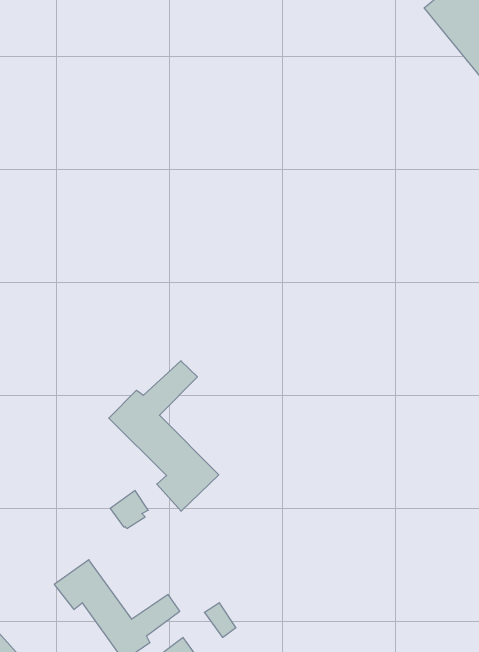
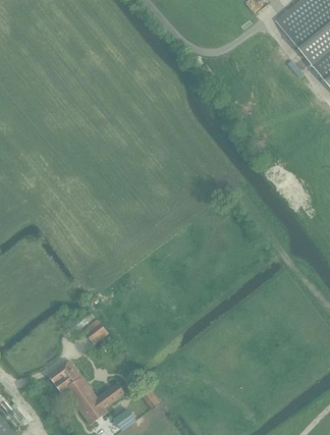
building: [109,361,219,511] -> none

